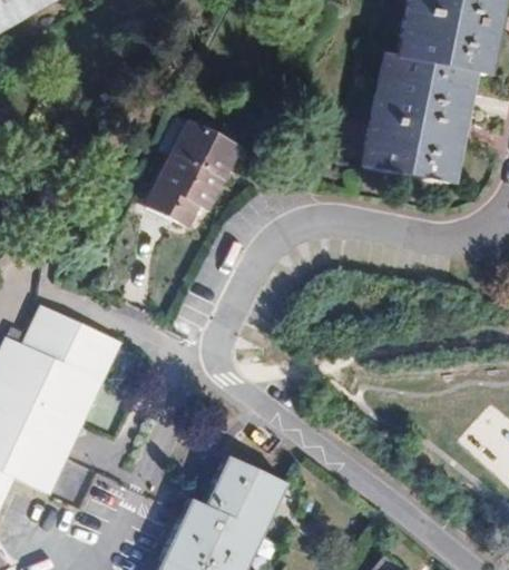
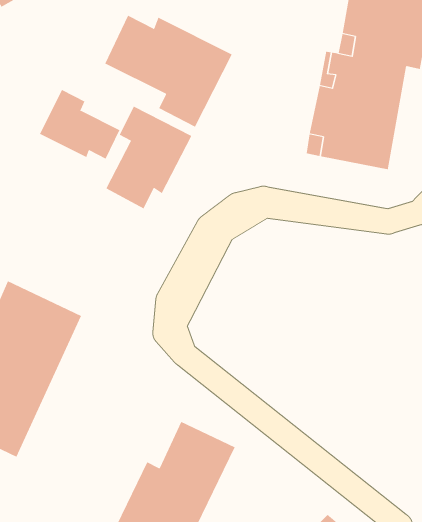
building: none -> [104,15,232,128]
building: none -> [39,89,120,160]

